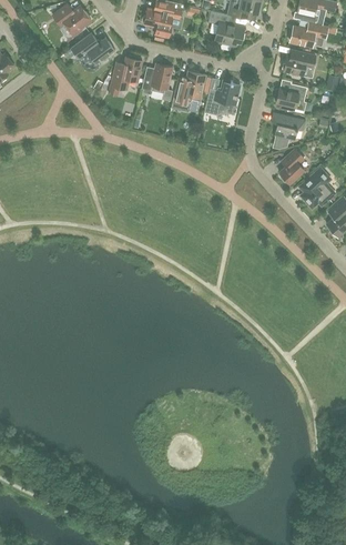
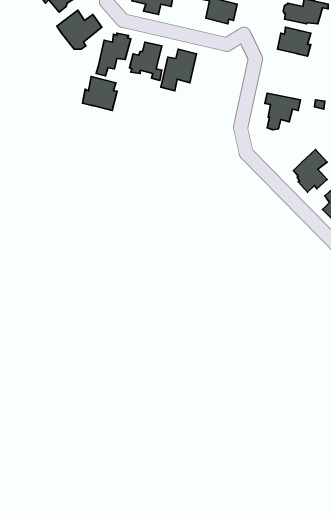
building: [204,81,240,113] -> none
building: [274,83,306,111] -> none
building: none -> [83,77,117,110]
building: [278,148,304,183] -> none

